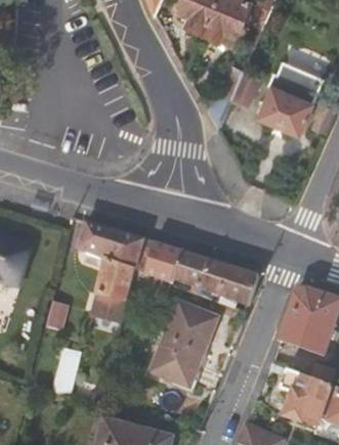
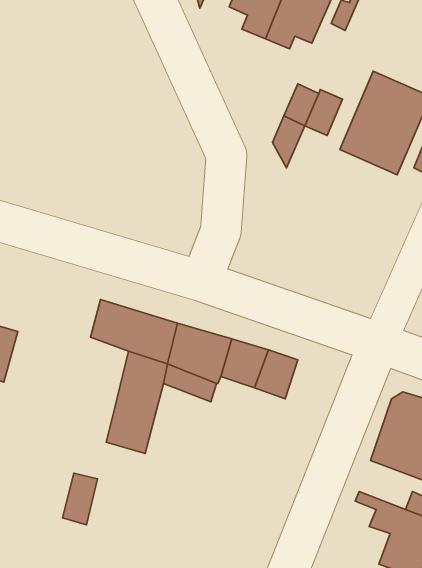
building: [218,266,258,305] -> none
building: [153,304,212,384] -> none

